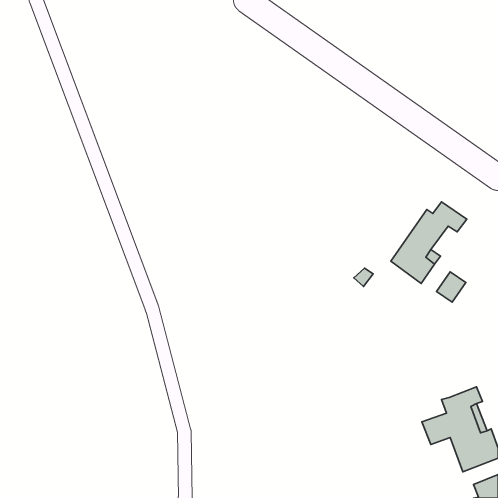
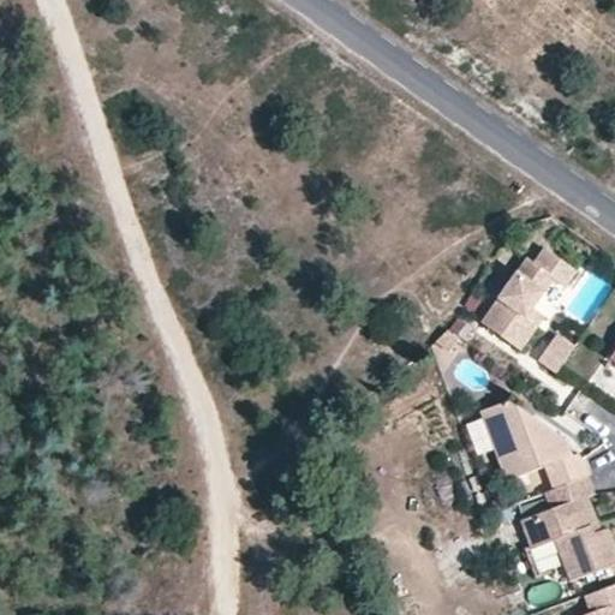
building: none -> [480,401,587,490]

